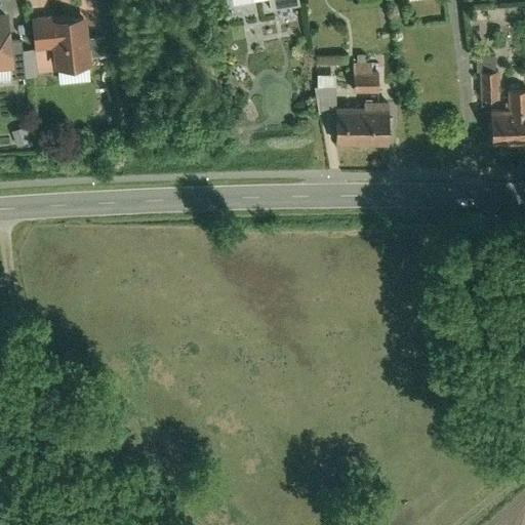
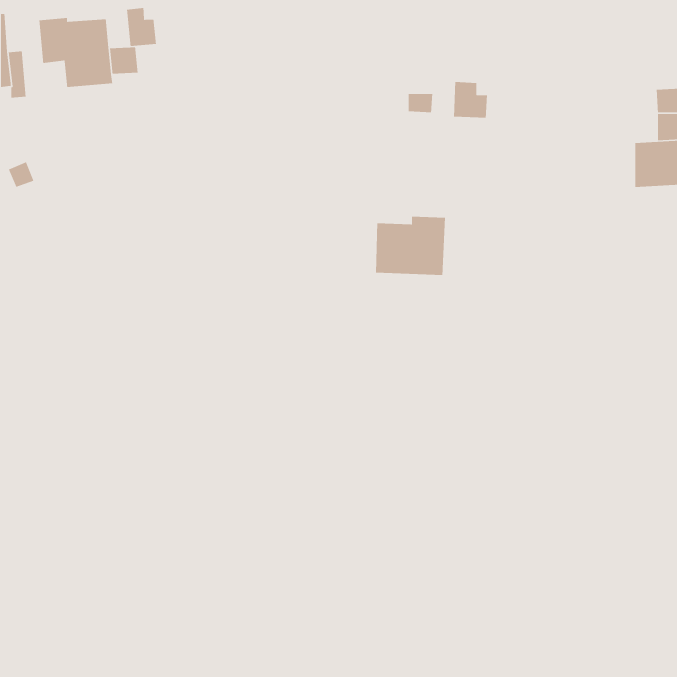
building: none -> [126,7,157,47]
building: [479,73,497,102] -> none
building: [335,103,390,149] -> [375,216,446,276]

